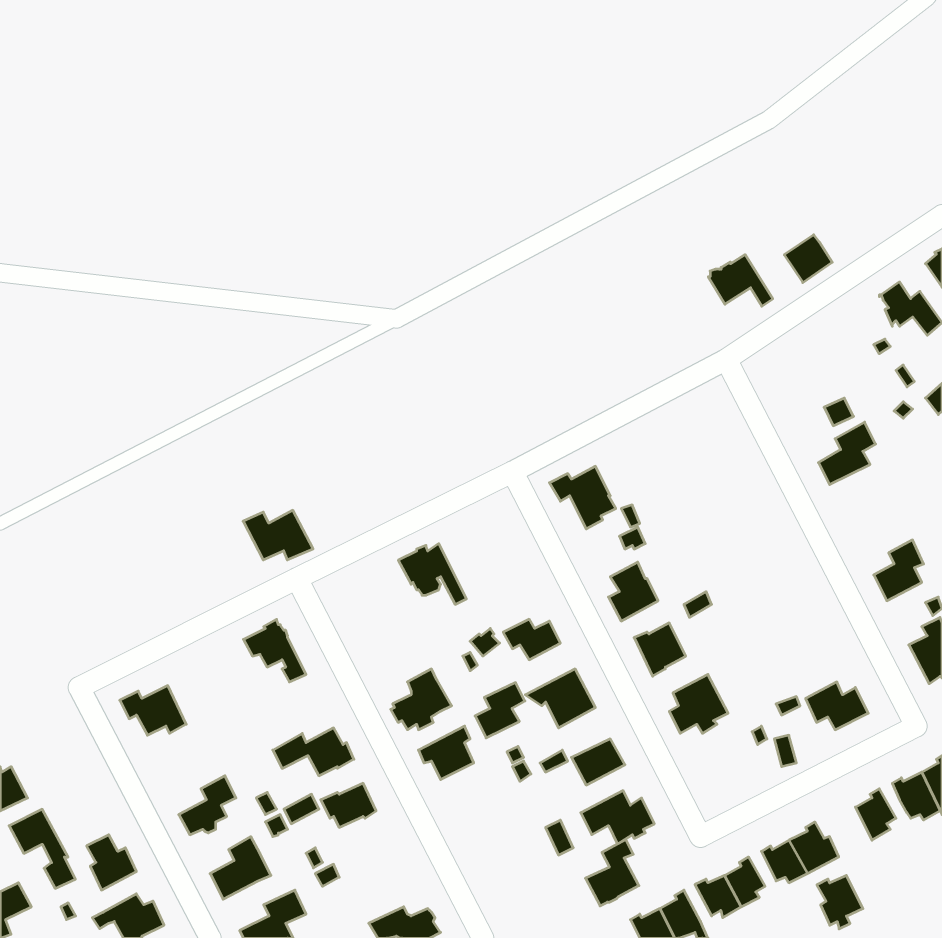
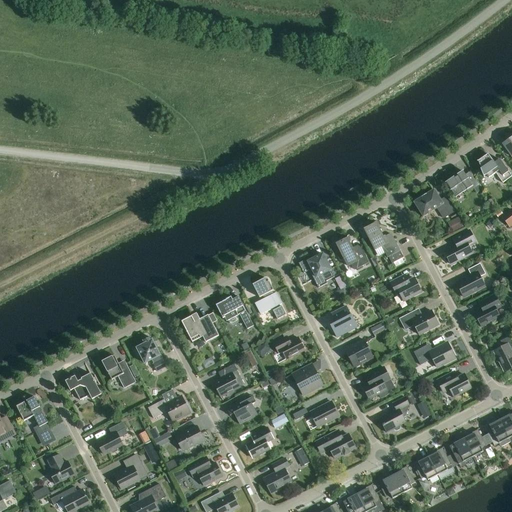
building: [784,235,832,283] -> [446,170,472,196]
building: [708,255,773,306] -> [414,189,449,217]
building: none -> [364,220,403,263]
building: none -> [336,237,368,269]
building: none -> [456,262,485,296]
building: none -> [390,276,421,300]
building: [243,510,313,560] -> [181,314,219,341]
building: none -> [252,277,286,318]
building: none -> [399,310,438,334]
building: none -> [413,342,455,366]
building: none -> [102,354,136,387]
building: [475,683,525,738] -> [246,427,273,457]
building: none -> [379,396,409,432]
building: [9,809,75,888] -> [16,396,52,439]
building: none -> [187,455,222,485]
building: [585,840,639,906] -> [263,457,292,493]
building: [817,875,863,929] -> [448,438,473,467]

